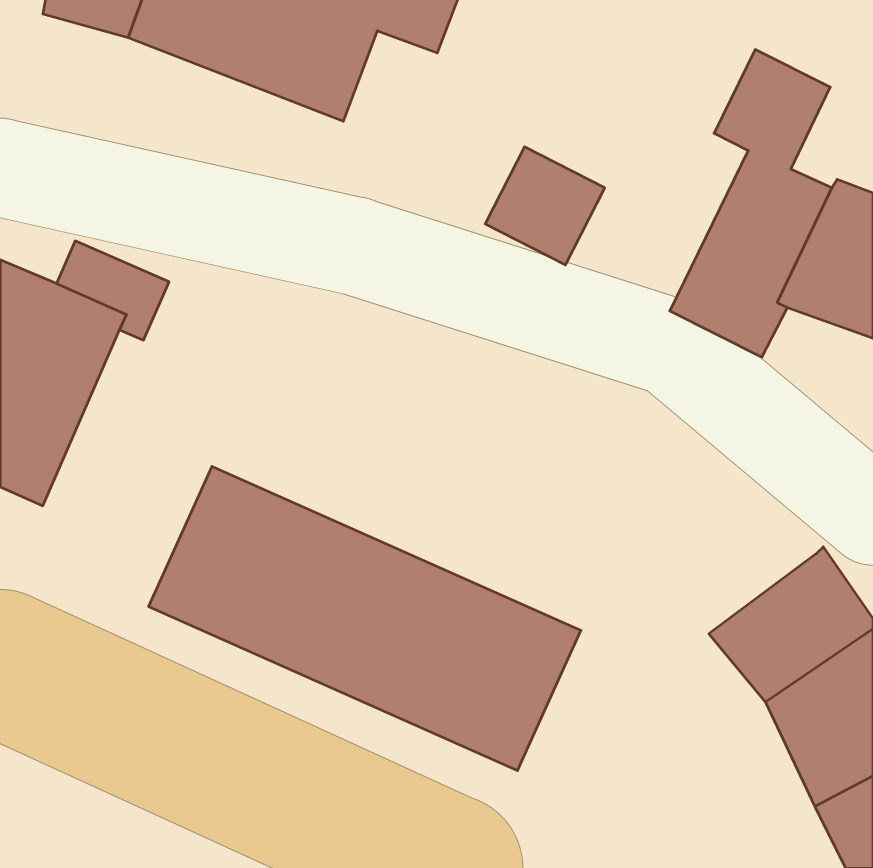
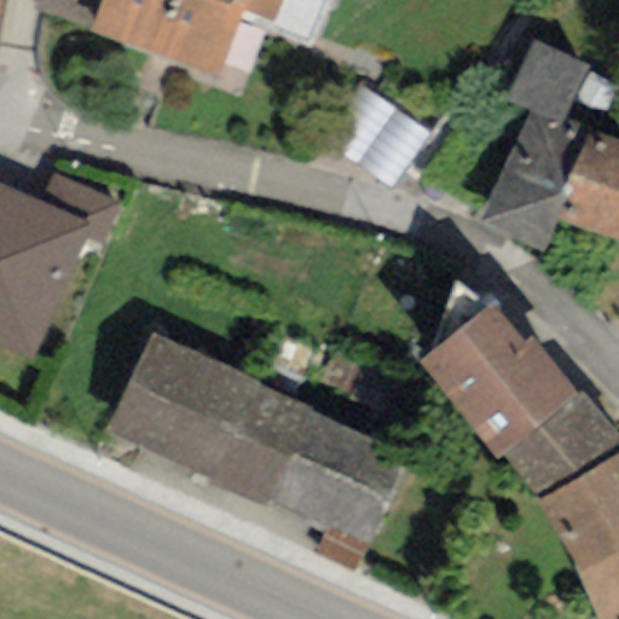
building: none -> [417,300,578,457]

